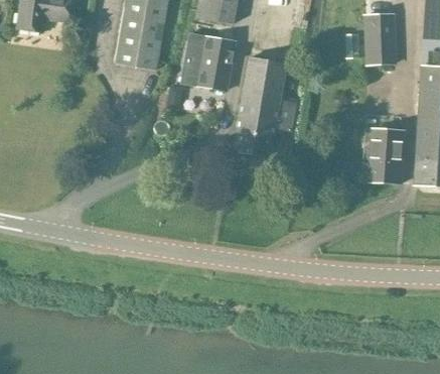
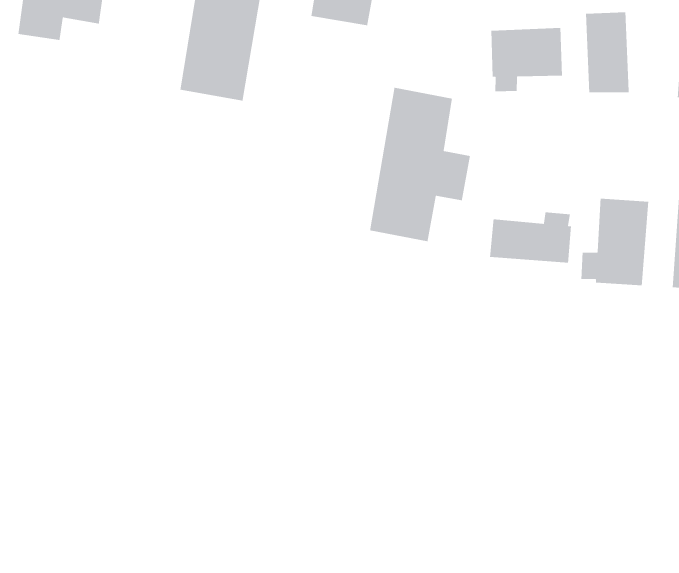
building: none -> [490,27,563,92]
building: [181,33,235,89] -> none
building: none -> [489,211,572,264]

